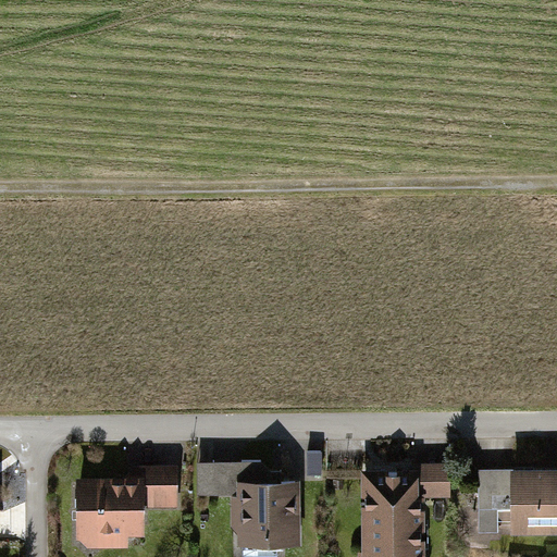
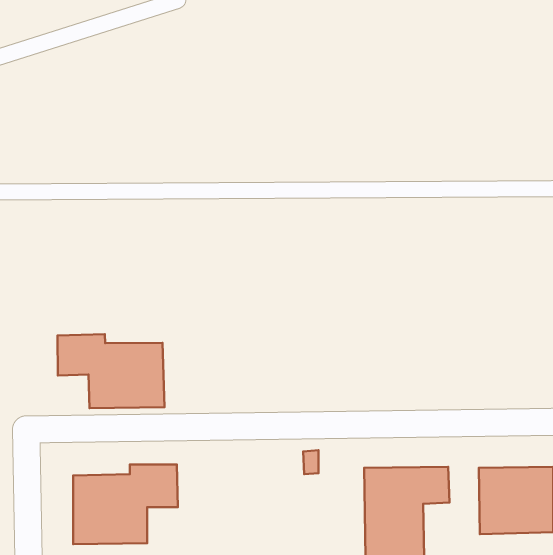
building: none -> [58,334,165,408]
building: [210,462,299,548] -> none

